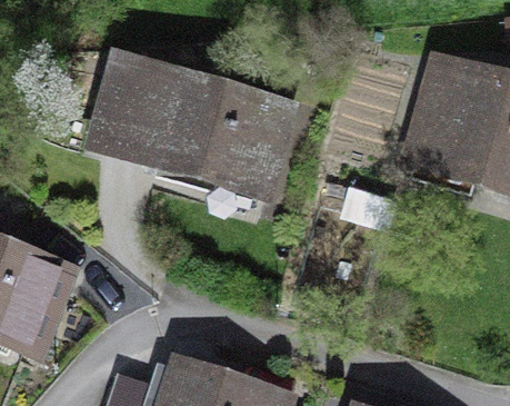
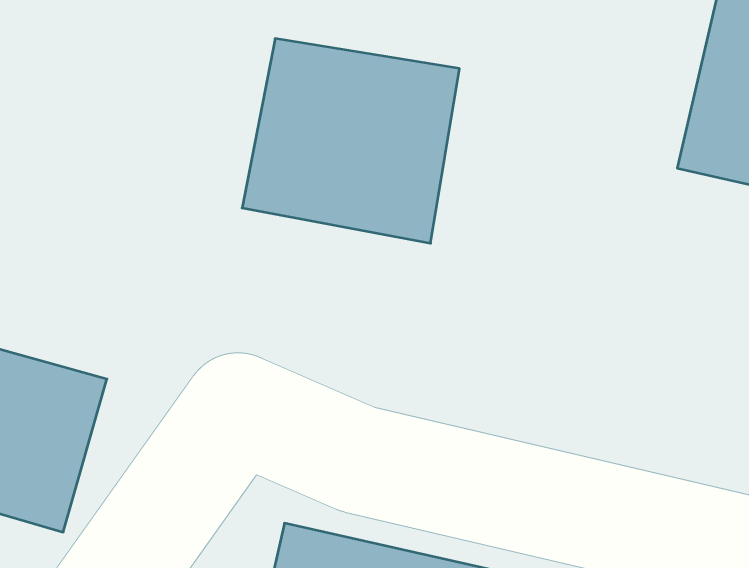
building: [84,51,190,170] -> none

